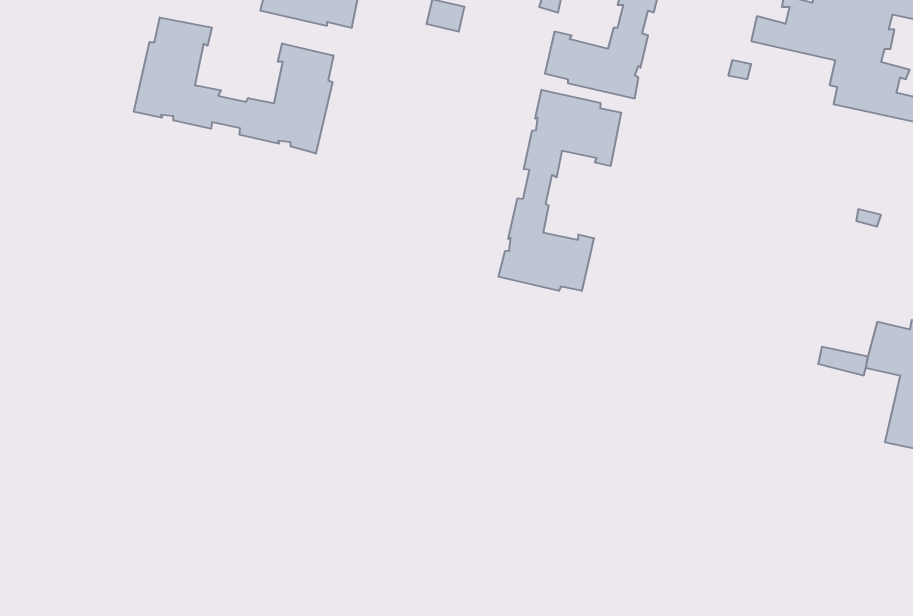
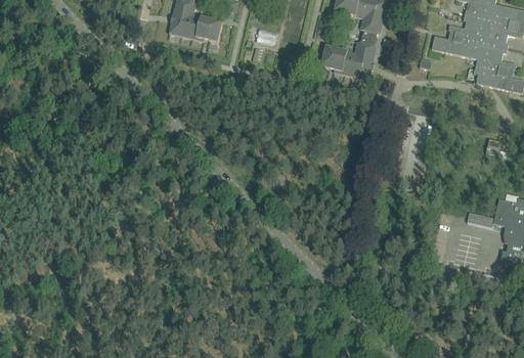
building: [134,17,333,154] -> none
building: [498,90,621,291] -> none

